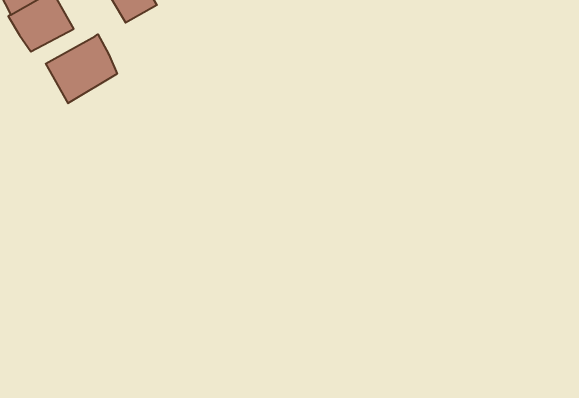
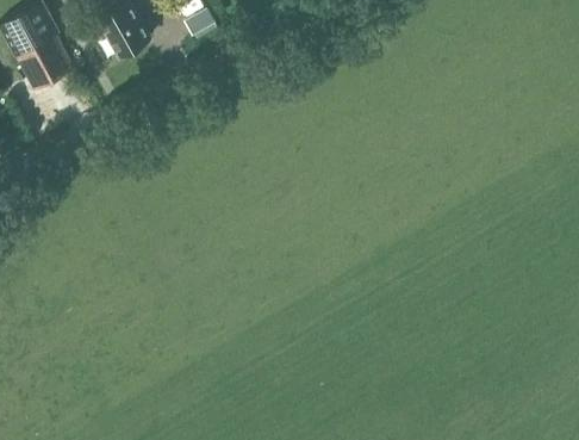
building: [46,34,117,103] -> none

